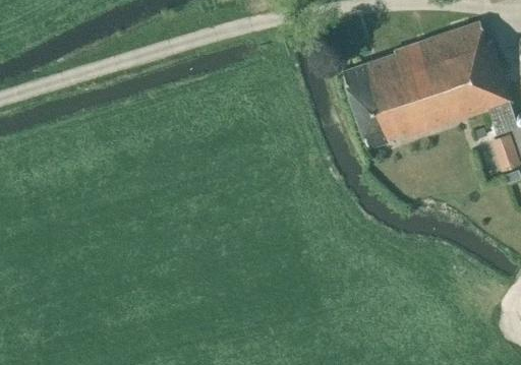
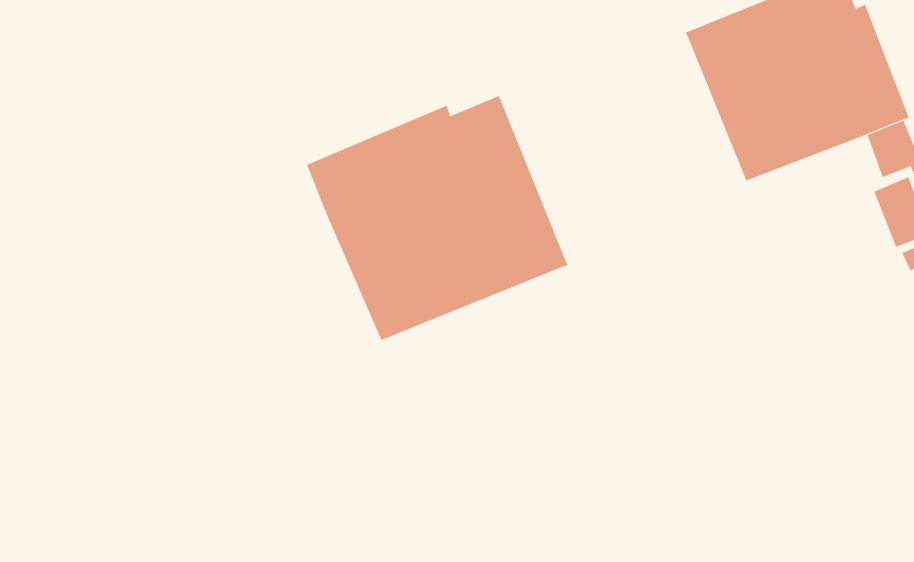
building: [343,53,422,148] -> none
building: none -> [306,95,568,341]

